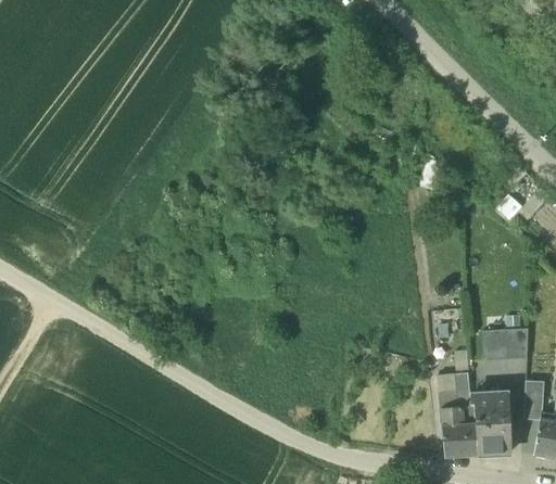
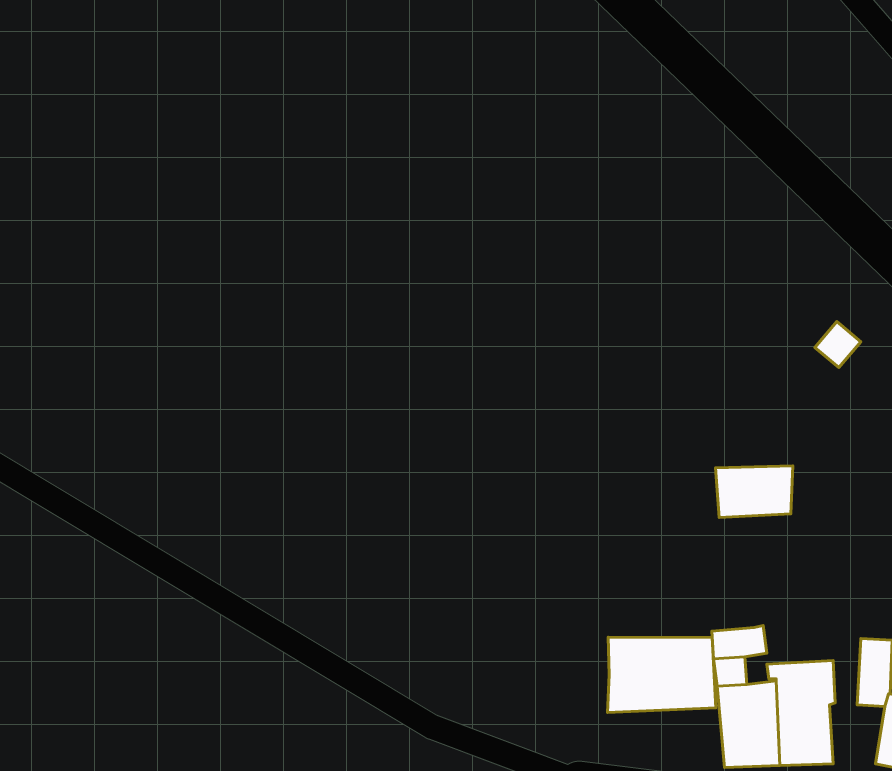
building: [482,329,528,359] -> [715,466,793,518]
building: none -> [608,637,716,713]

